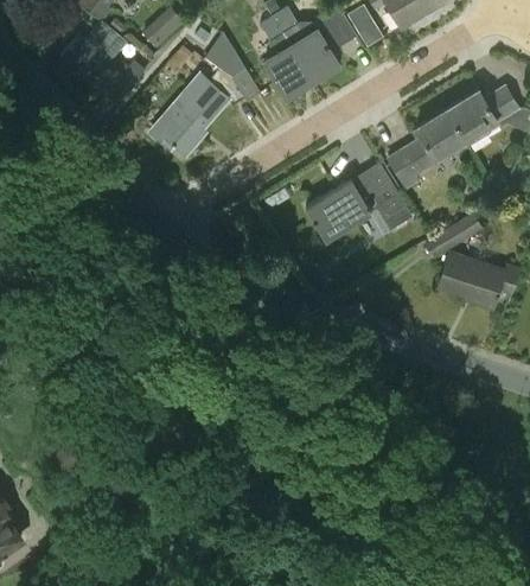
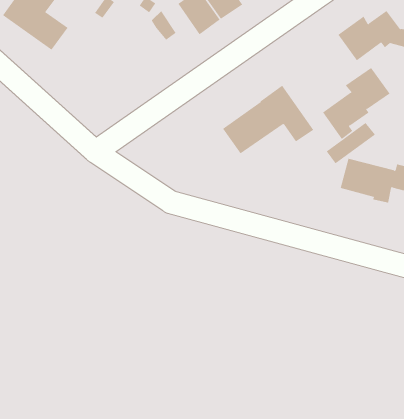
building: [149,72,229,154] -> none
building: [387,109,467,191] -> [322,67,391,140]

